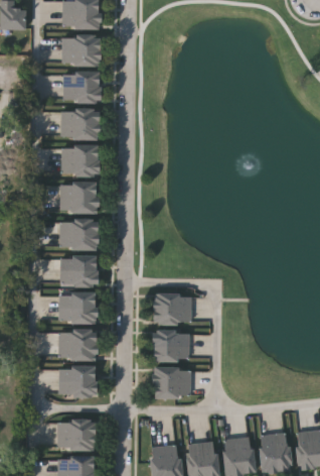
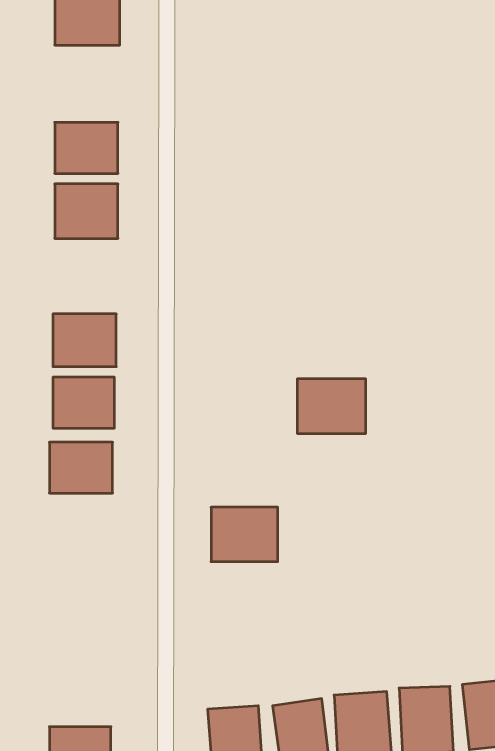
building: [64,72,99,103] -> none
building: [61,183,98,214] -> none
building: [153,293,192,325] -> [297,379,366,433]
building: [59,331,96,360] -> none
building: [59,367,96,395] -> none
building: [153,368,191,398] -> none
building: [58,421,96,451] -> none

